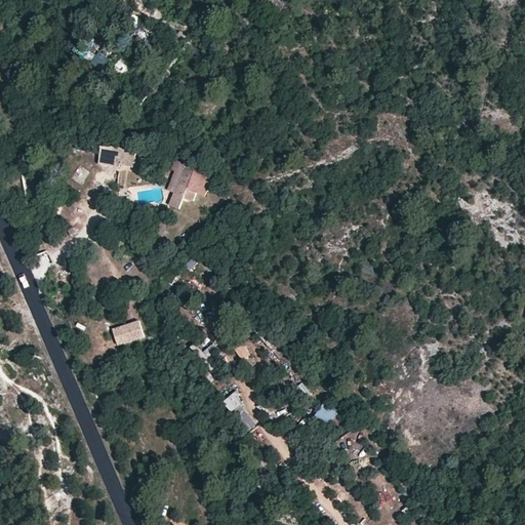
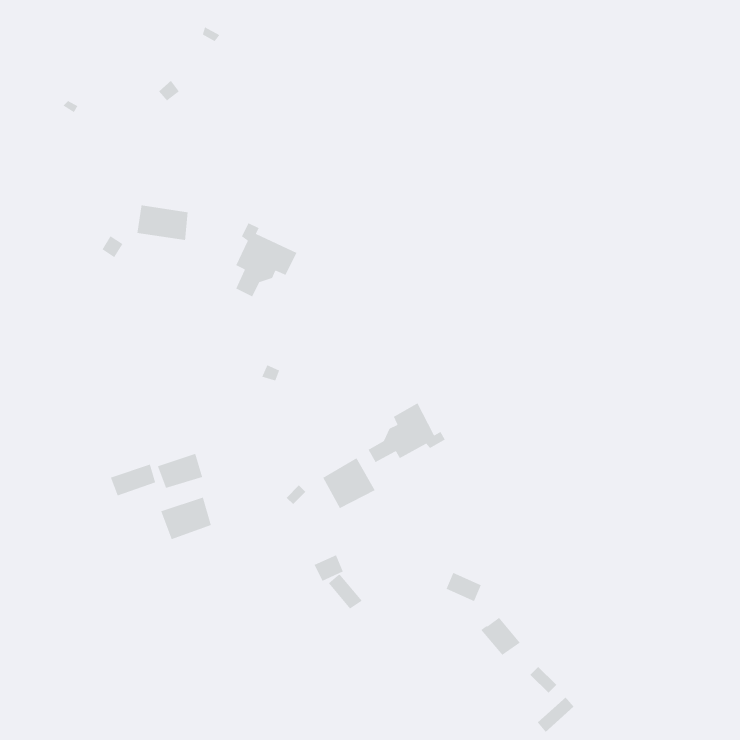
building: none -> [367,402,446,463]
building: none -> [110,463,156,496]
building: none -> [160,497,212,540]

